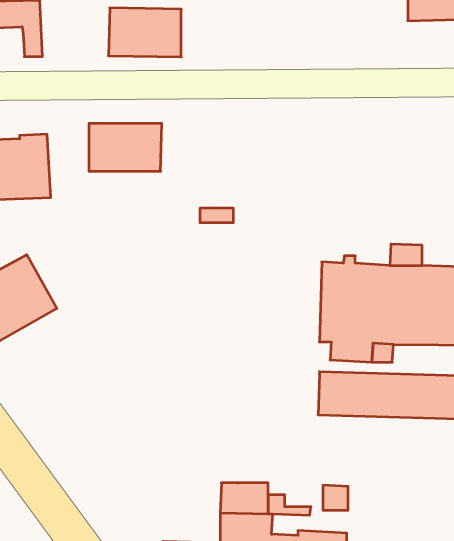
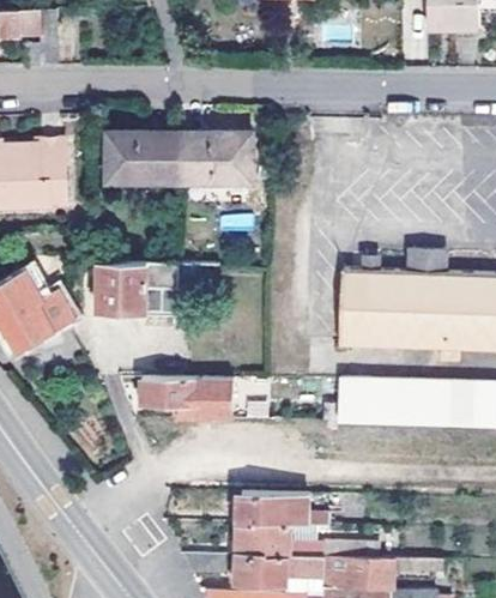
building: [108,8,181,57] -> [179,132,252,181]
building: none -> [99,262,189,314]
building: none -> [137,380,225,422]

